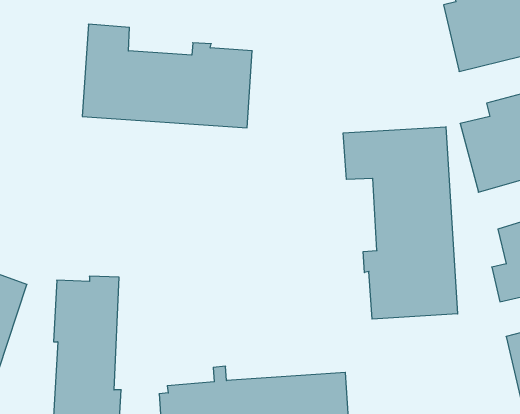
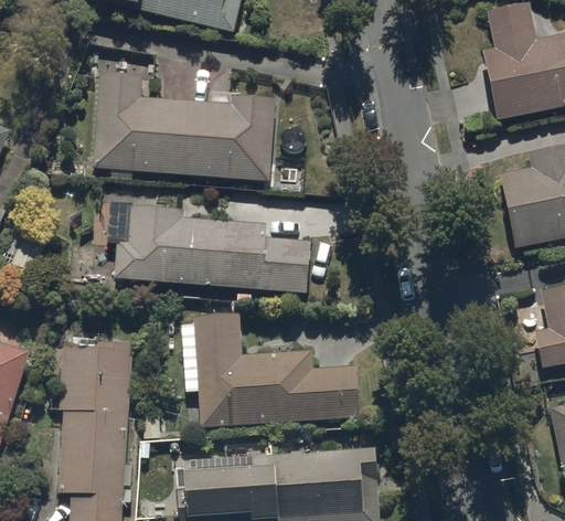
building: [343,127,458,319] -> none
building: none -> [107,202,309,291]
building: none -> [181,312,359,424]

